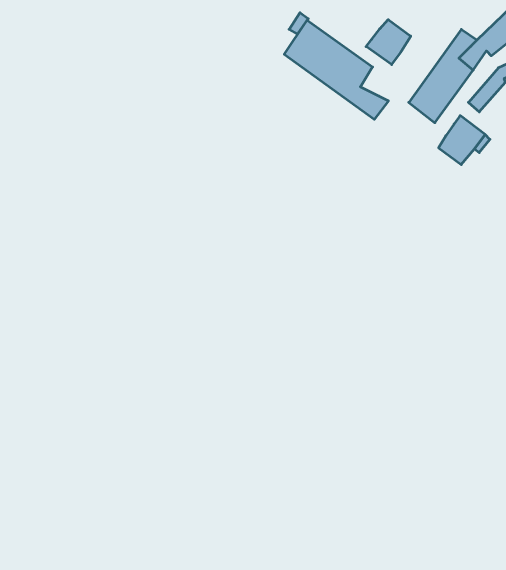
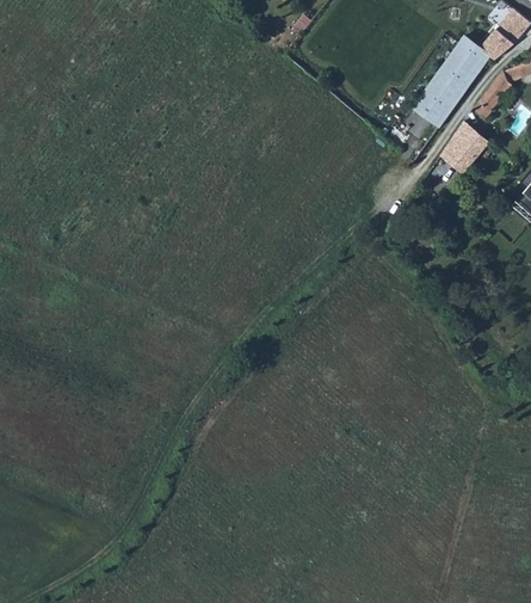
building: [366,20,411,65] -> none
building: [284,20,388,119] -> none

